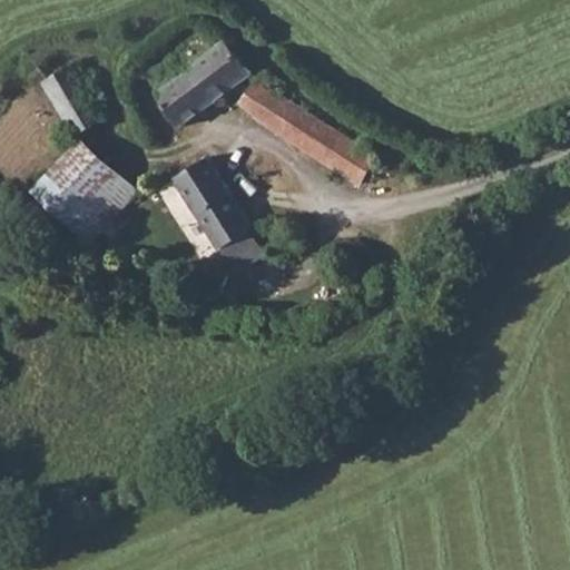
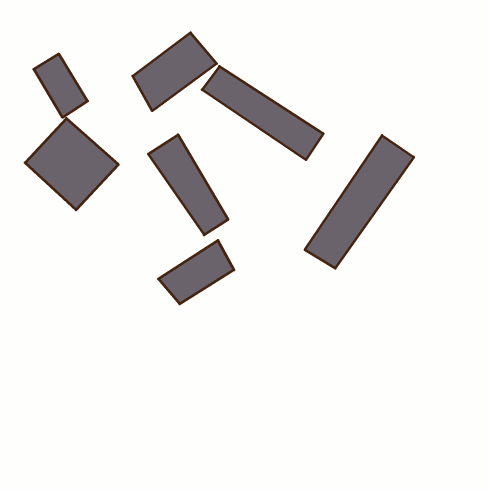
building: none -> [305,135,414,268]
building: none -> [158,240,234,304]

